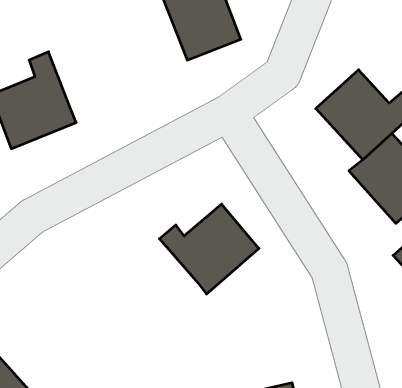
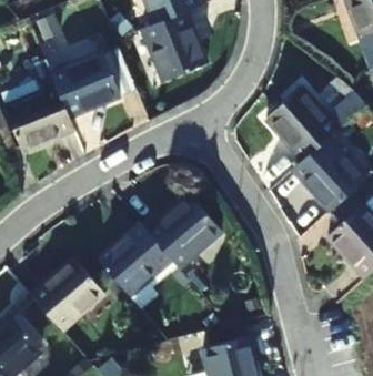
building: none -> [51,53,119,118]
building: none -> [98,224,171,297]
building: none -> [29,258,103,332]

